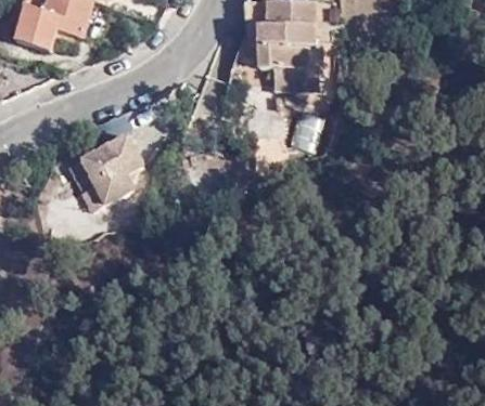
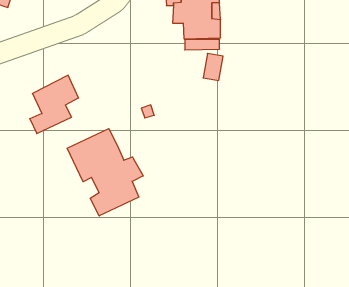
building: none -> [67,129,143,216]

